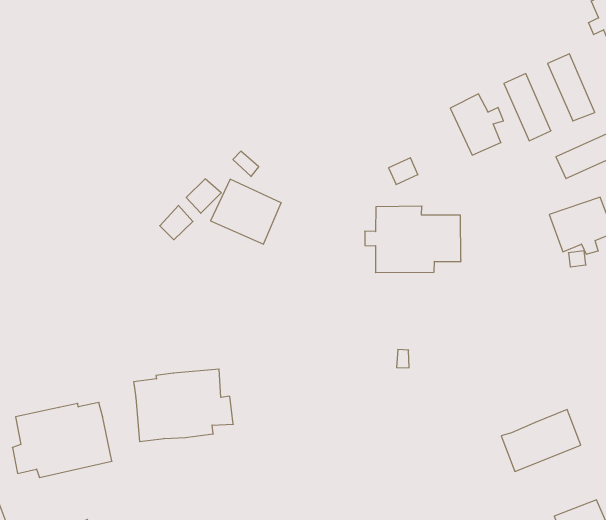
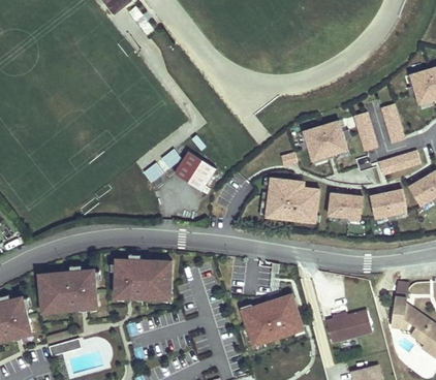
building: none -> [300,126,330,160]
building: none -> [329,192,362,223]
building: none -> [241,296,303,346]

